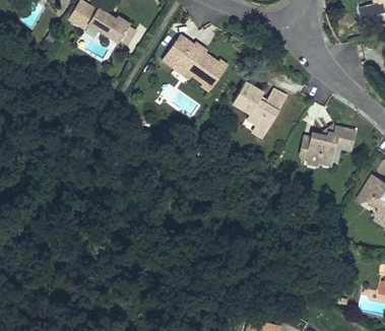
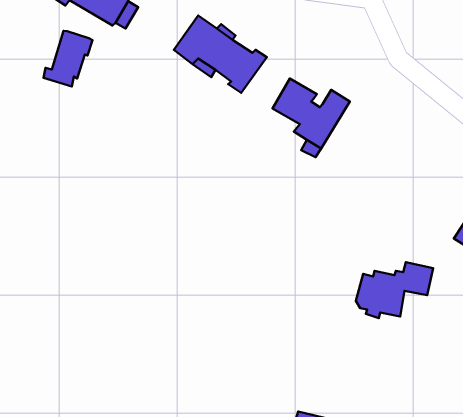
building: none -> [44,31,92,86]
building: [299,127,354,167] -> [356,262,433,318]

